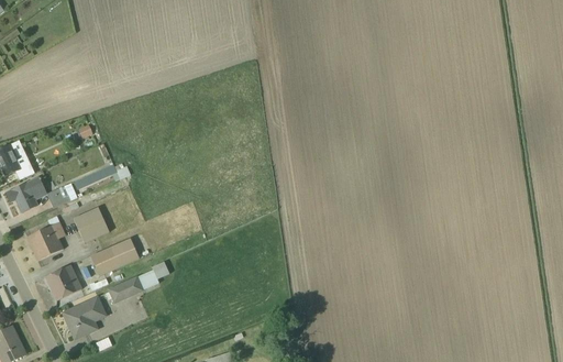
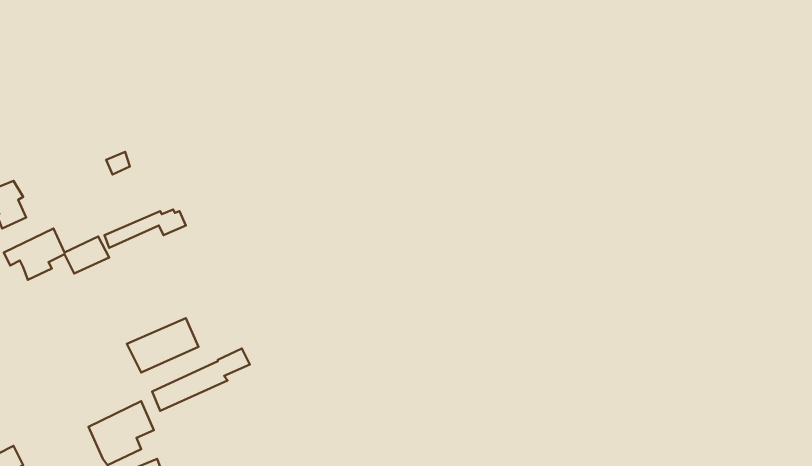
building: [73,207,109,243] -> none
building: [26,216,65,261] -> none
building: [45,265,82,301] -> none

